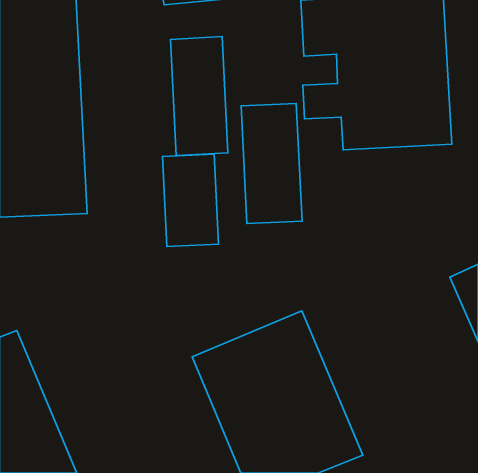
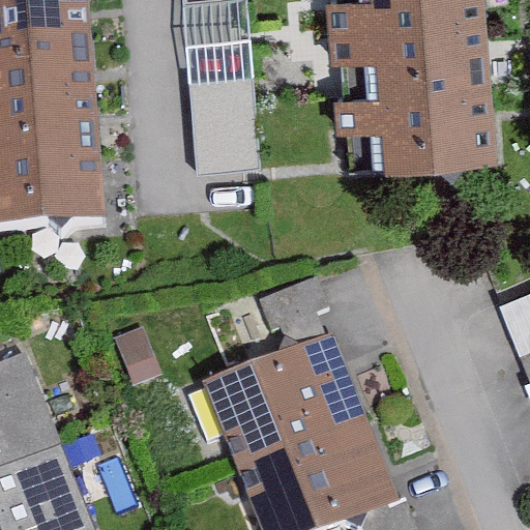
building: [241,104,302,224] -> none
building: [162,154,218,246] -> none

